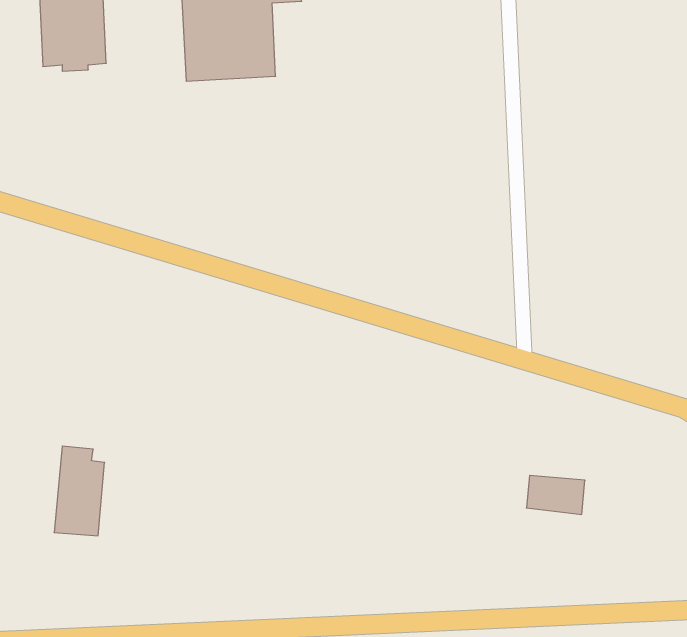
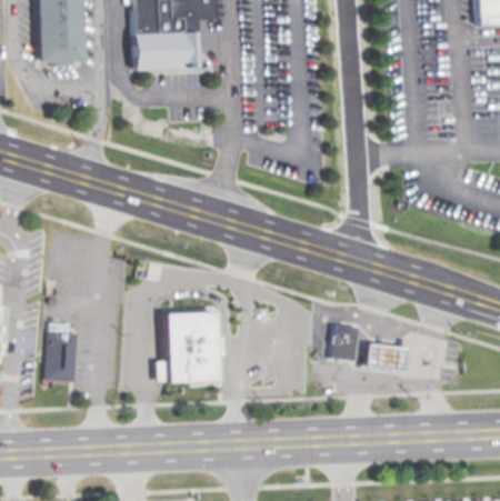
building: none -> [154,312,218,383]
building: none -> [333,323,361,359]

